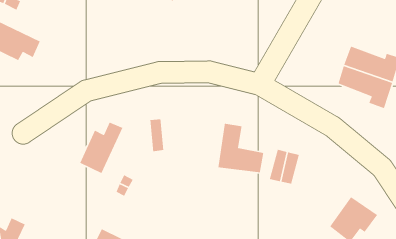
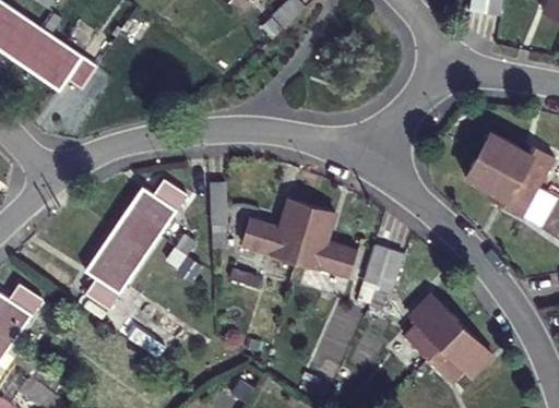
building: none -> [241,199,312,263]
building: none -> [90,230,144,304]
building: none -> [405,296,462,360]

